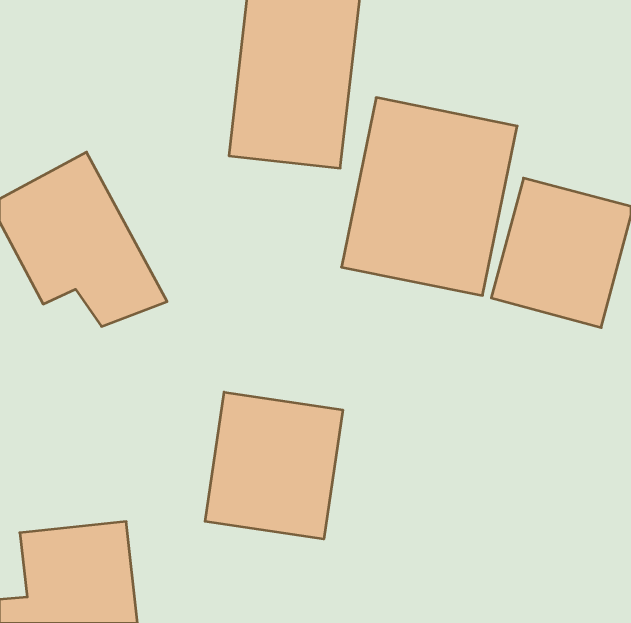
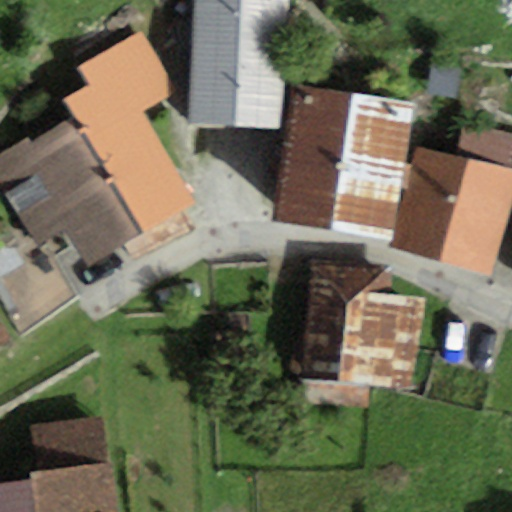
building: none -> [60,45,188,244]
building: none -> [297,258,426,399]
building: [205,392,343,539] -> none

